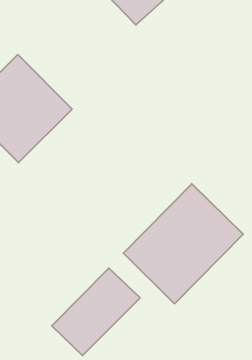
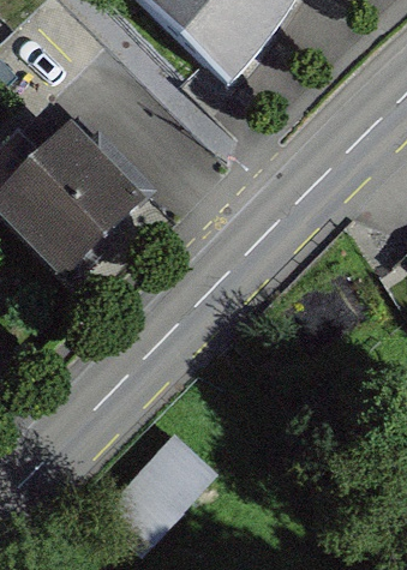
building: [123,184,243,304] -> none

